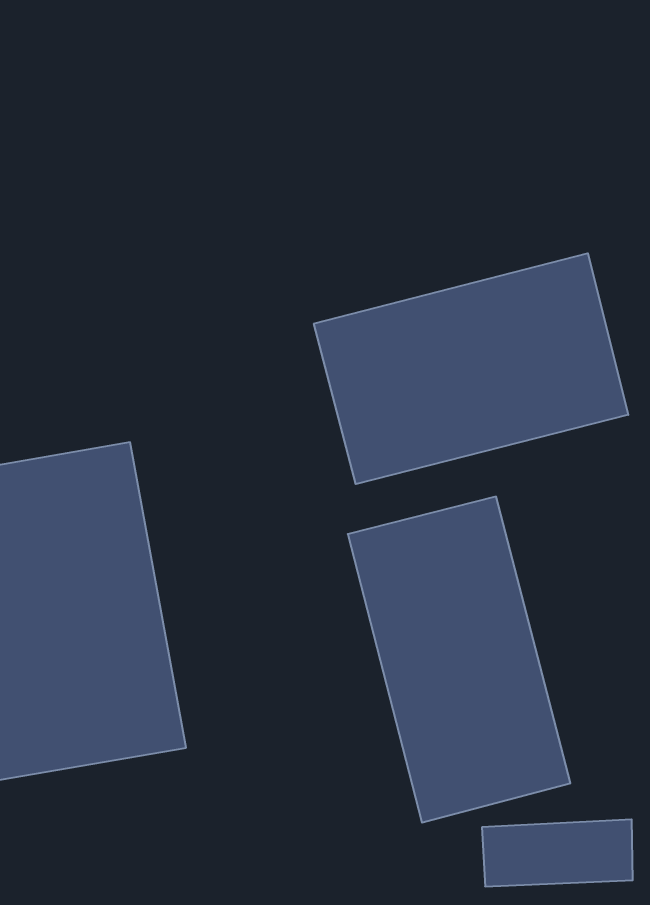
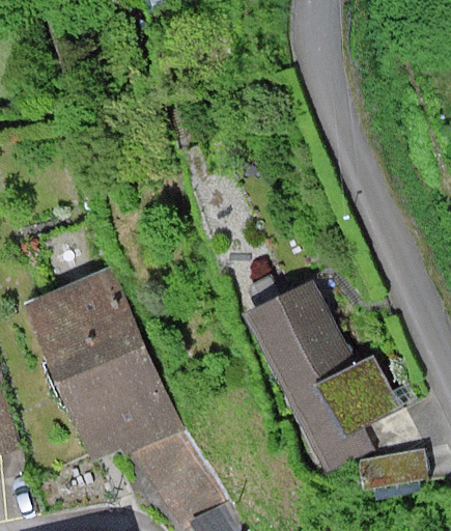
building: [314,253,628,484] -> none

